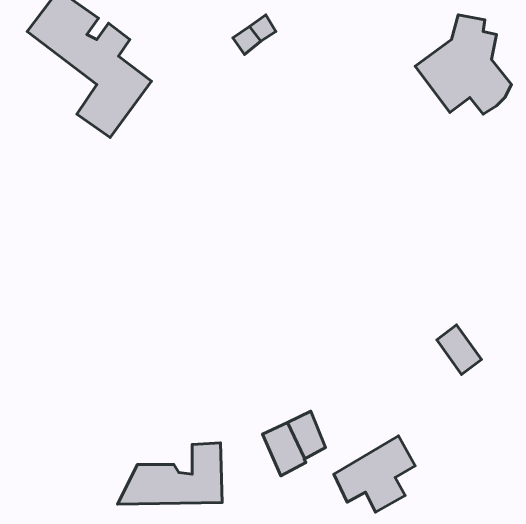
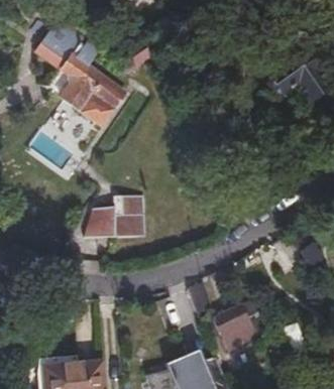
building: none -> [80,83,121,130]
building: [118,443,222,504] -> [79,199,142,236]

